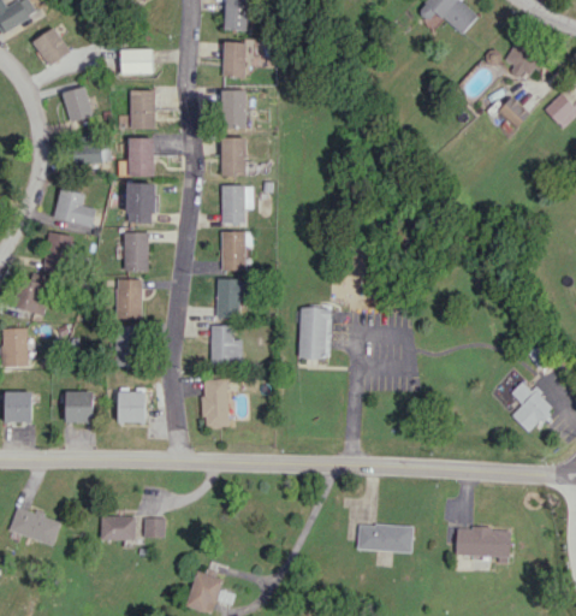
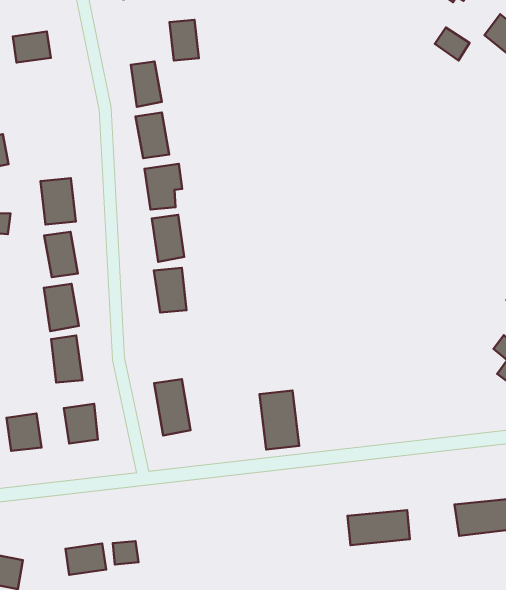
building: [221,41,245,77] -> [169,20,199,60]
building: [130,90,154,129] -> none
building: [127,137,153,176] -> none
building: [298,307,329,359] -> [259,391,299,449]
building: [210,325,241,365] -> none

